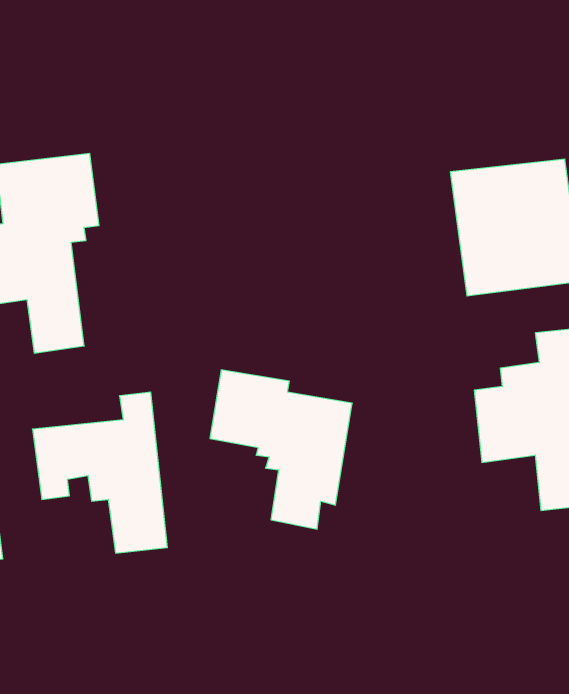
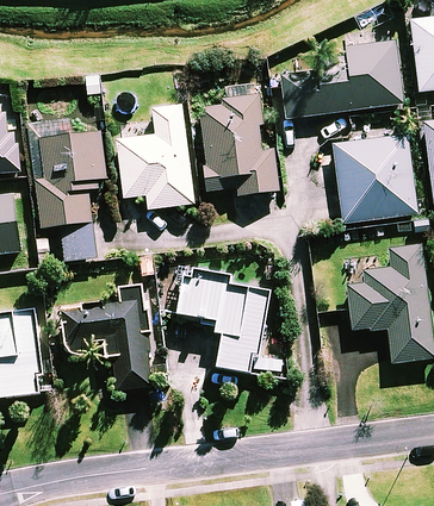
building: none -> [281,40,402,117]
building: none -> [200,85,278,195]
building: none -> [117,105,193,208]

